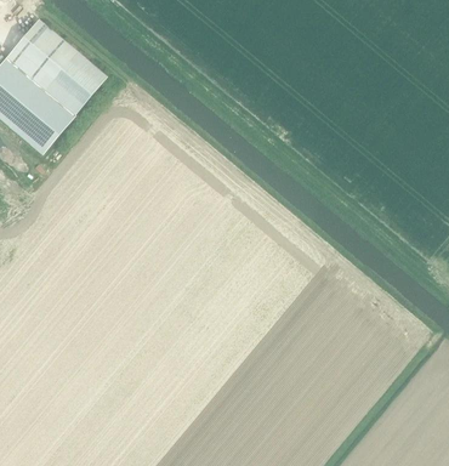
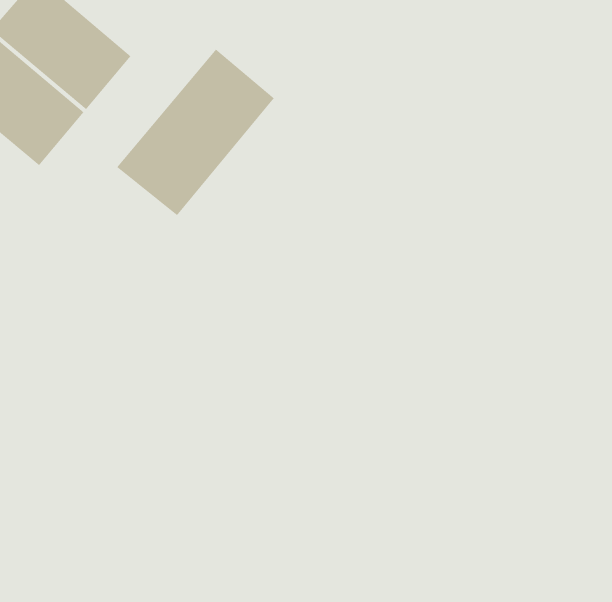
building: none -> [116,49,275,216]

